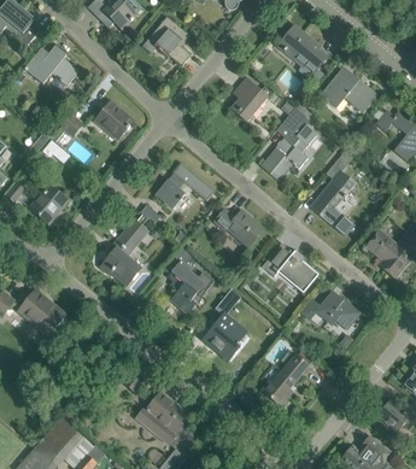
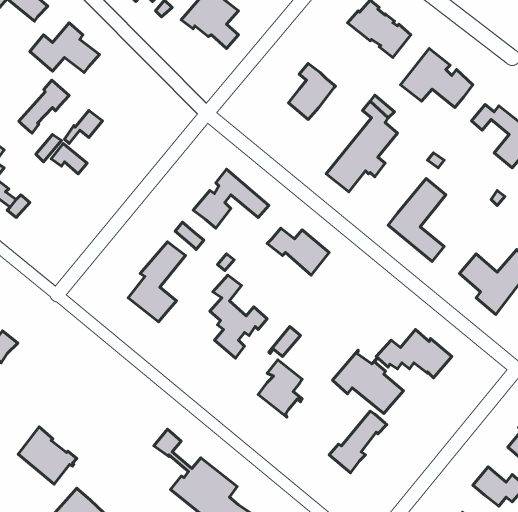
building: none -> [19,80,69,133]
building: [96,101,133,135] -> none
building: [29,183,68,223] -> none
building: [262,241,318,292] -> [332,350,404,414]
building: [18,288,65,334] -> [18,427,77,484]

